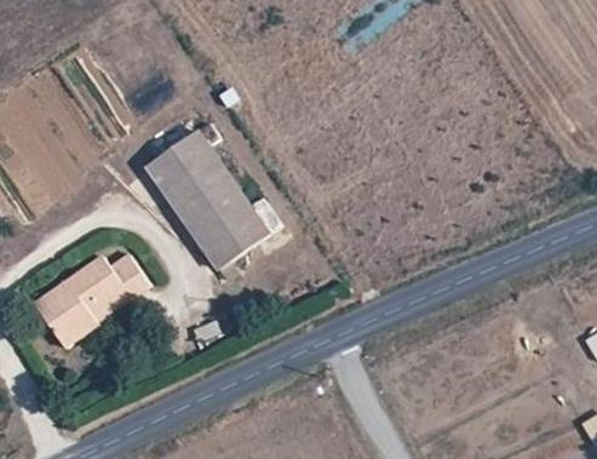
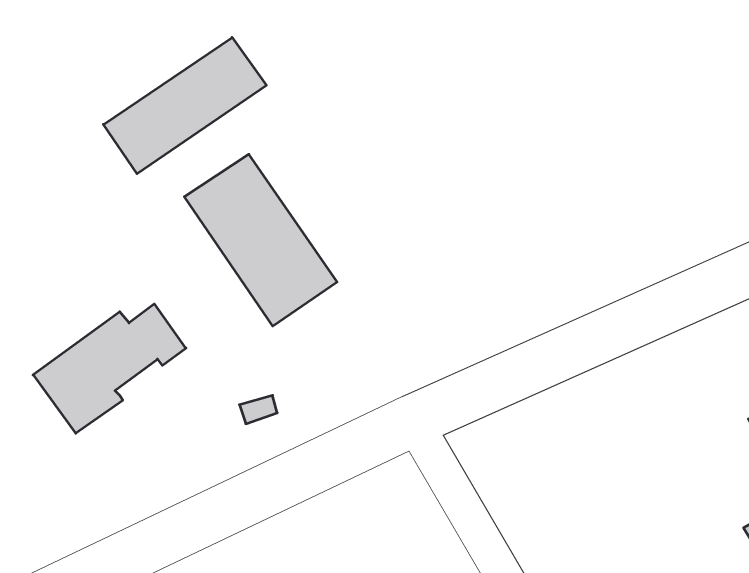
building: none -> [103,37,266,174]

